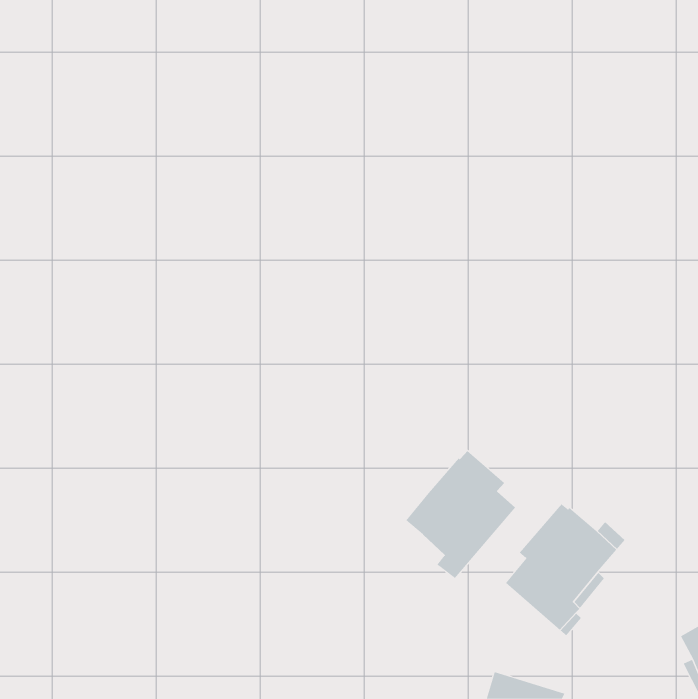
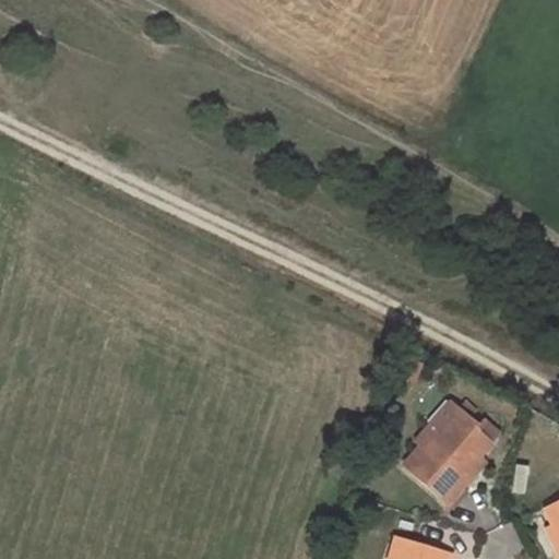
building: [405,450,516,579] -> none

